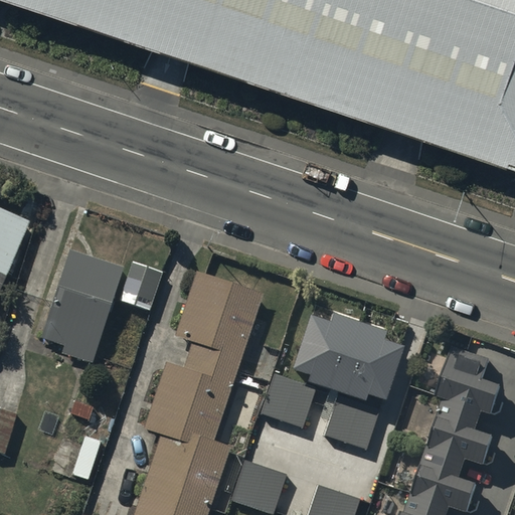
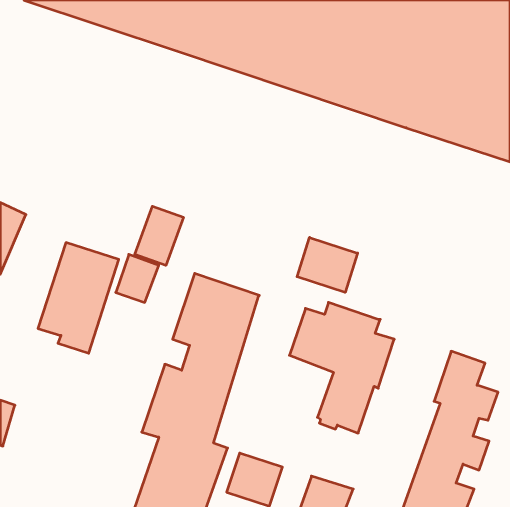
building: none -> [135,206,183,265]
building: none -> [297,237,358,292]
building: [259,376,313,430] -> none

